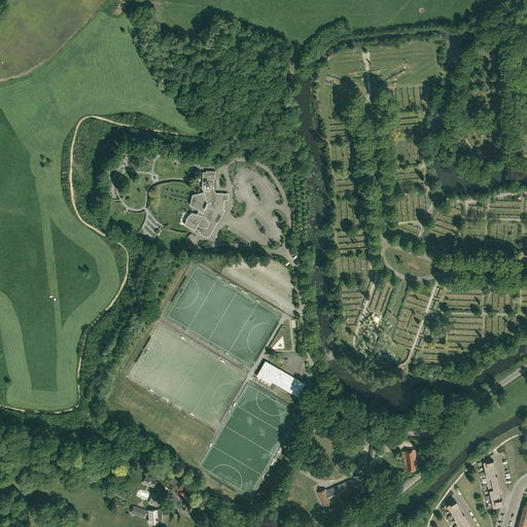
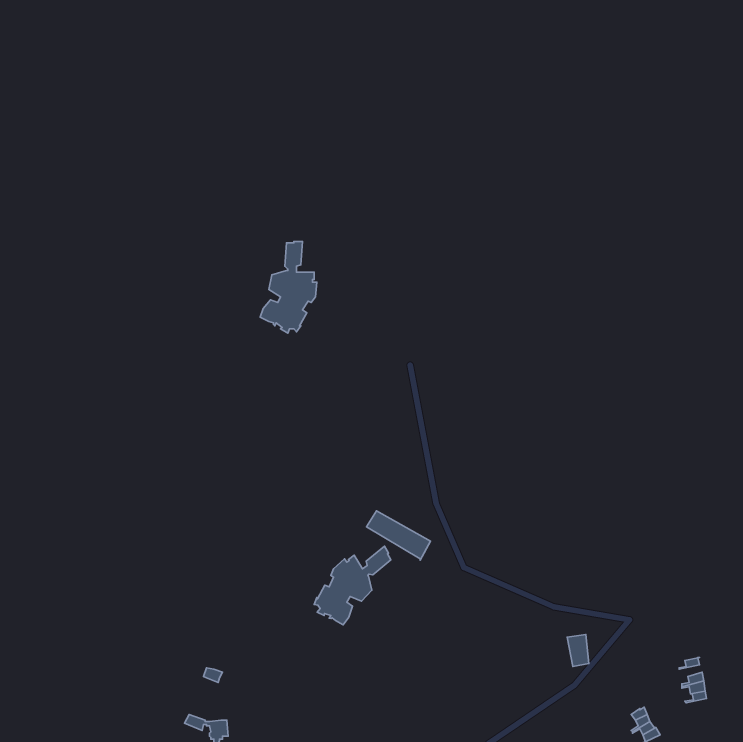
building: none -> [314,546,391,625]
building: [318,475,368,506] -> none

